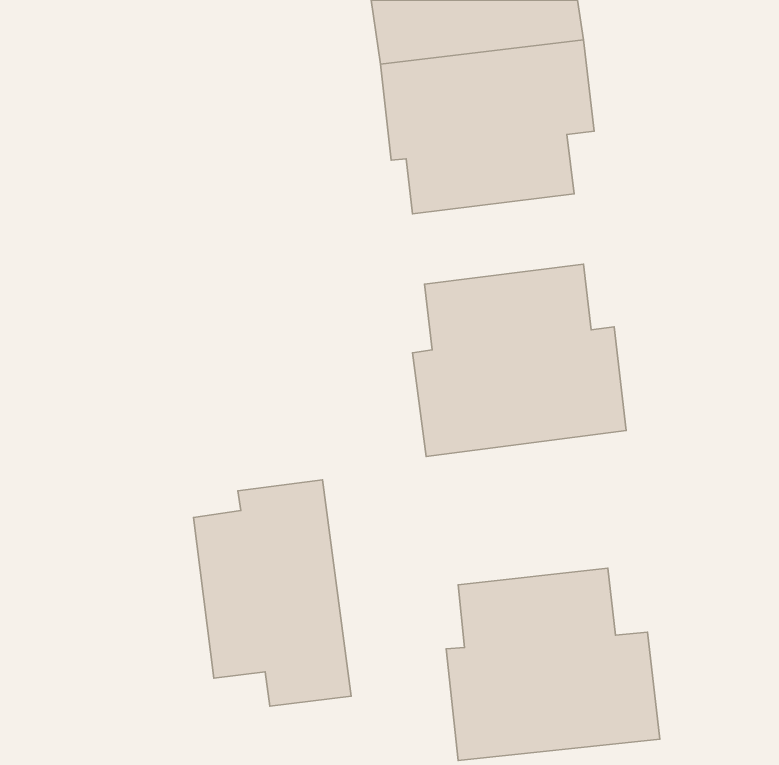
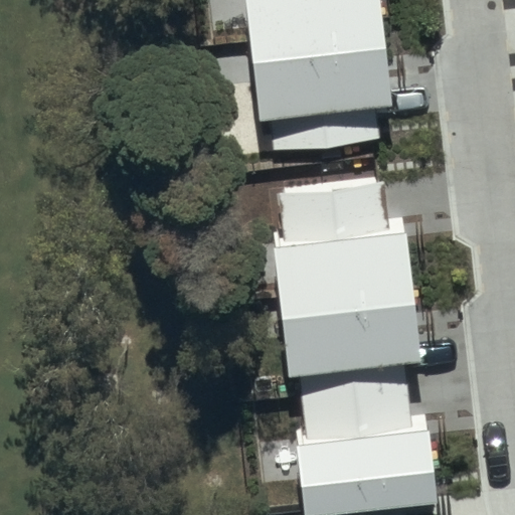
building: none -> [282,294,420,395]
building: [193,480,351,706] -> none

